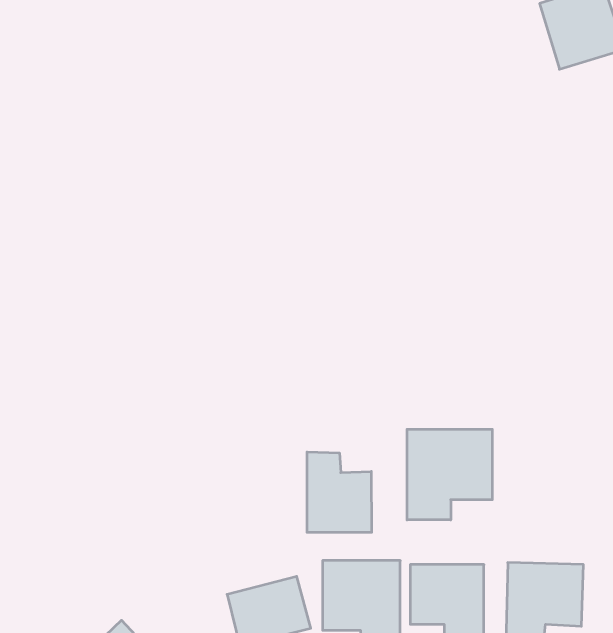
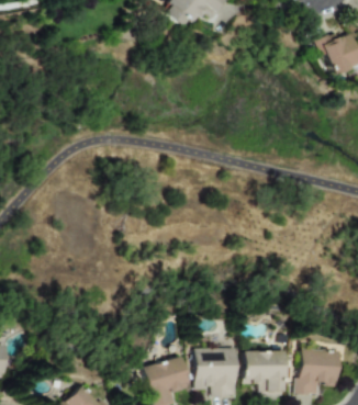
building: [407,429,492,520] -> none
building: [307,452,372,532] -> none

